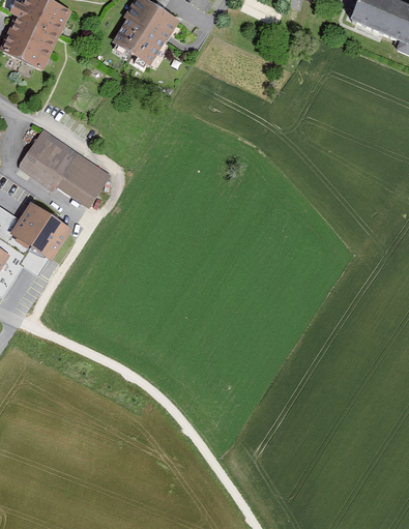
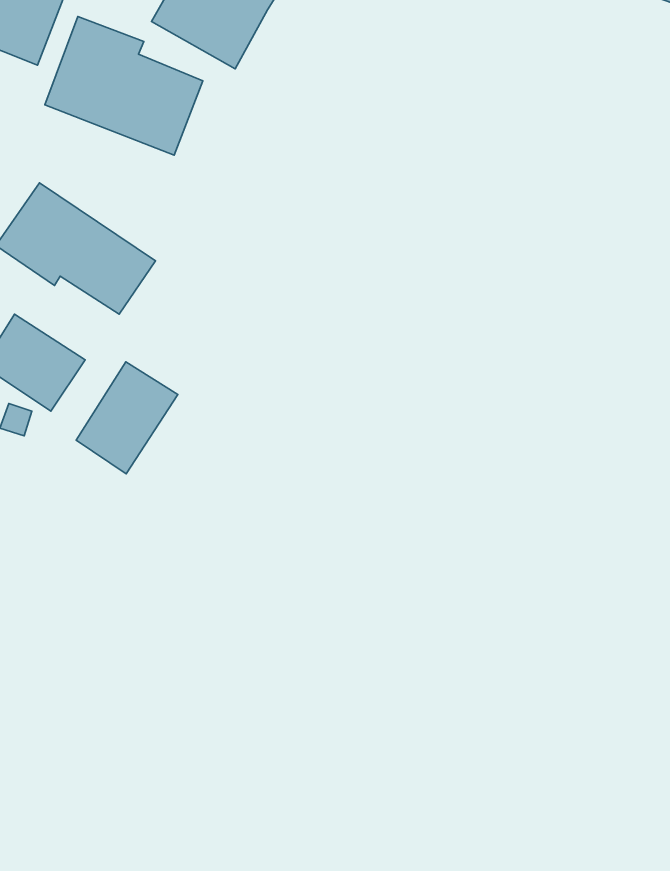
building: none -> [45,16,203,155]
building: none -> [76,362,178,474]

